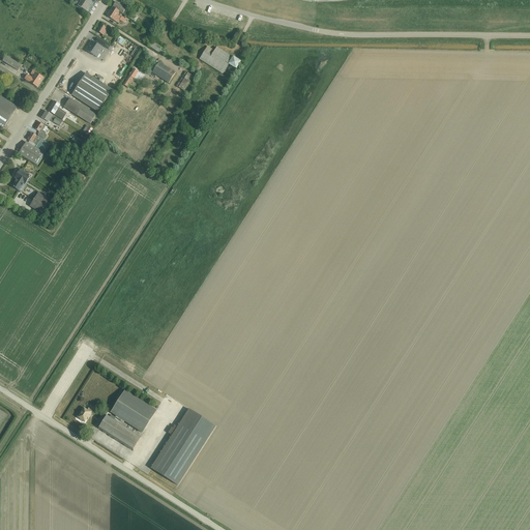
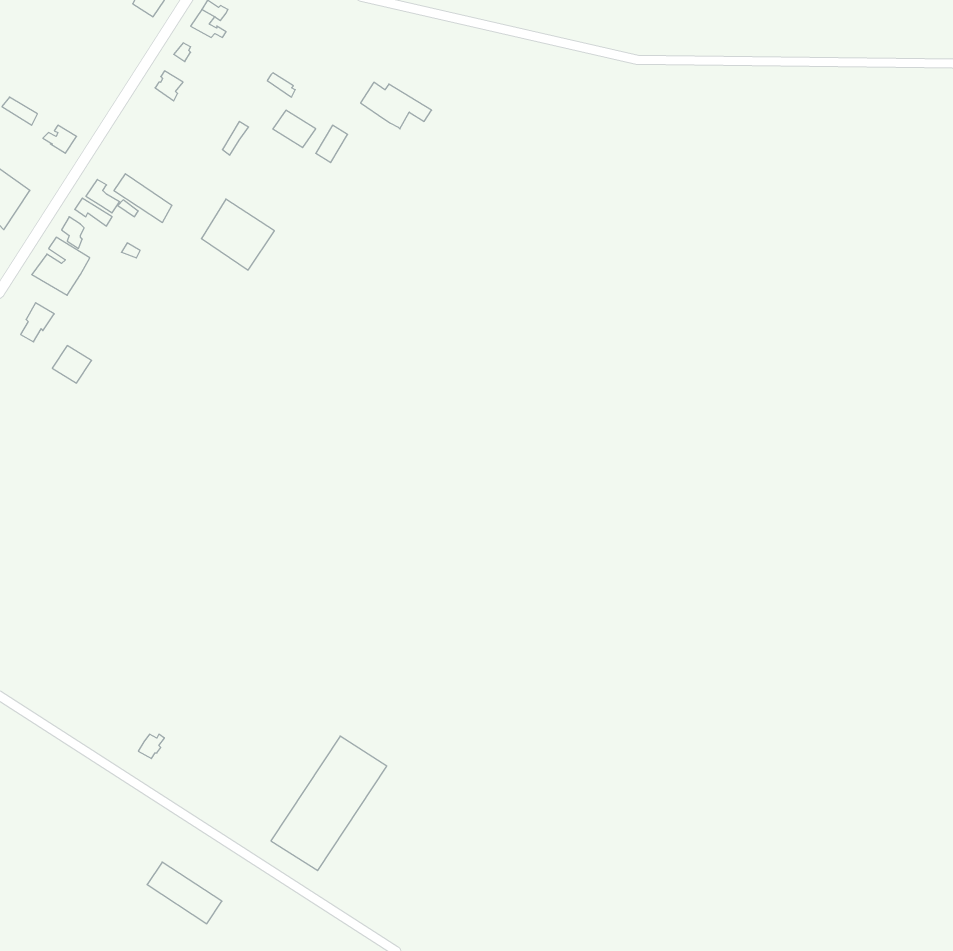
building: [71,71,112,111] -> [201,199,274,270]
building: [111,389,155,431] -> none
building: [98,414,140,448] -> [147,862,222,924]

